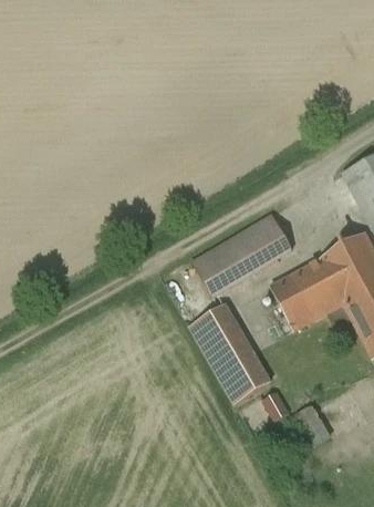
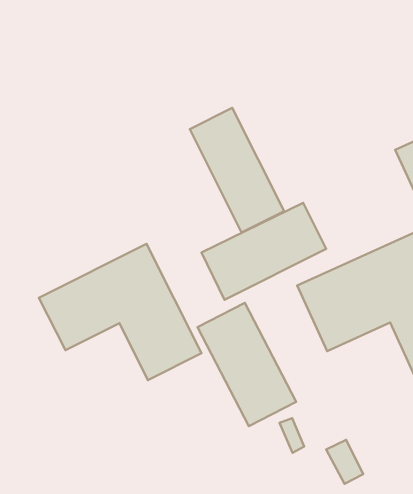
building: none -> [190,108,284,233]
building: none -> [39,244,201,380]

